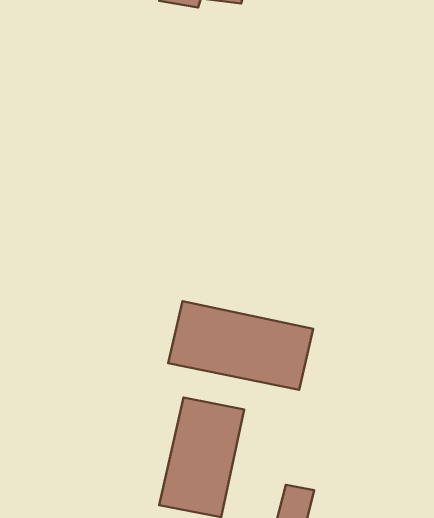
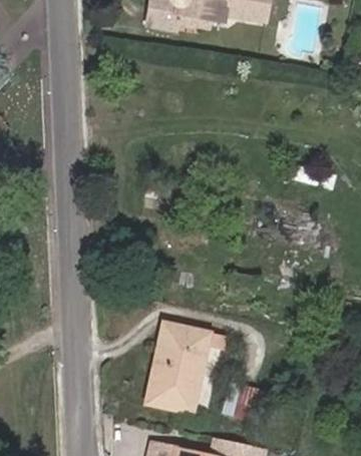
building: [168,301,313,390] -> none

